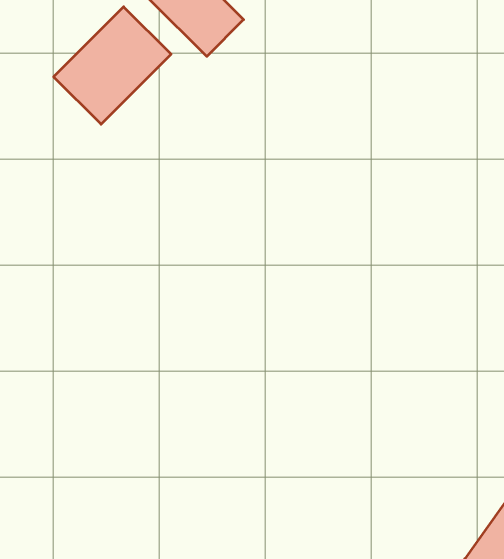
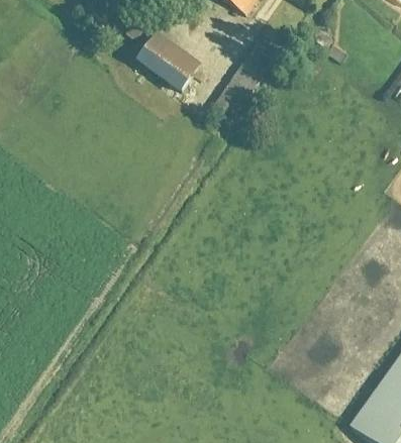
building: [54,7,171,124] -> none

